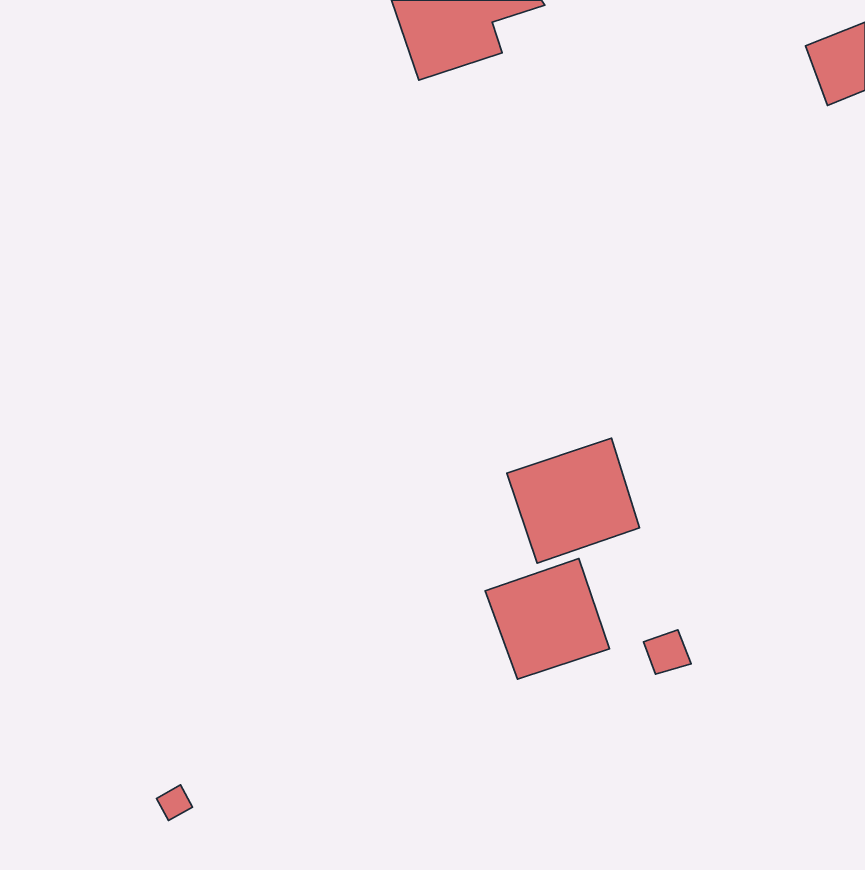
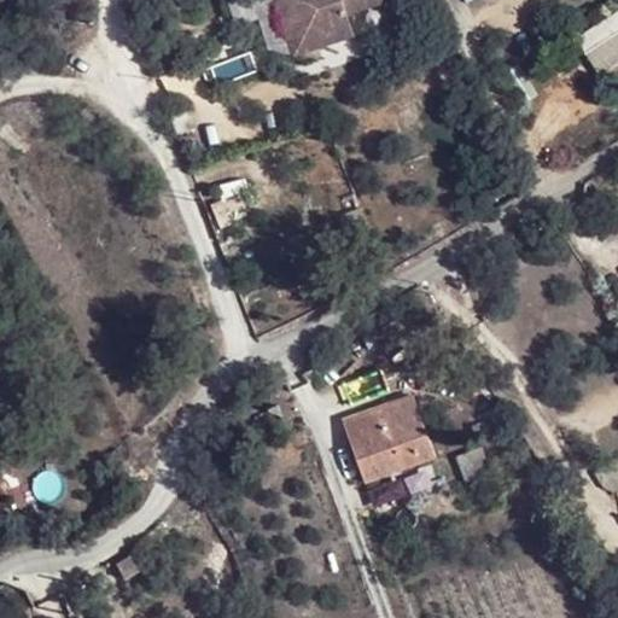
building: [507,438,639,563] -> none

